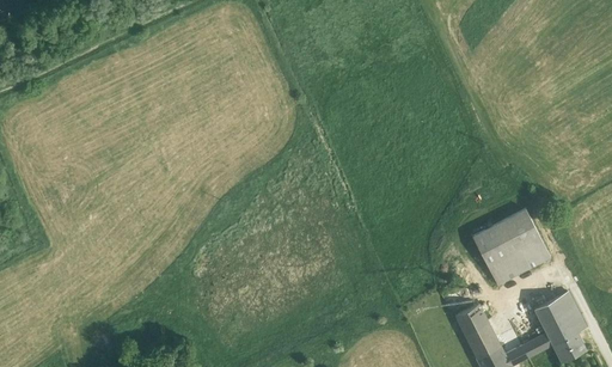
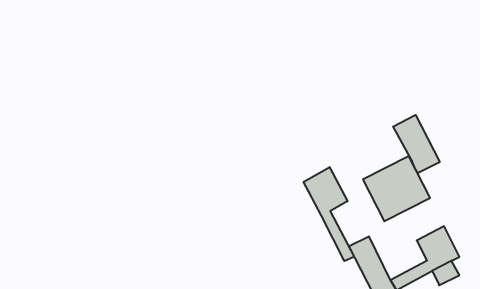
building: none -> [393,115,440,173]
building: none -> [304,167,354,261]

